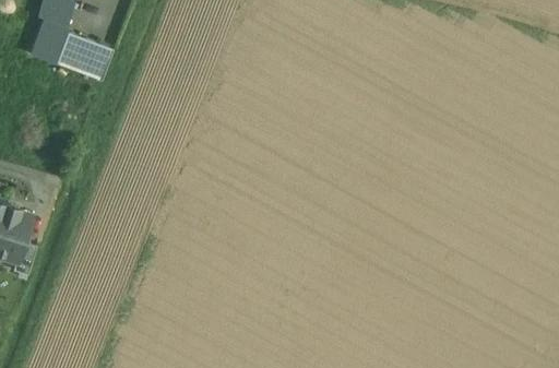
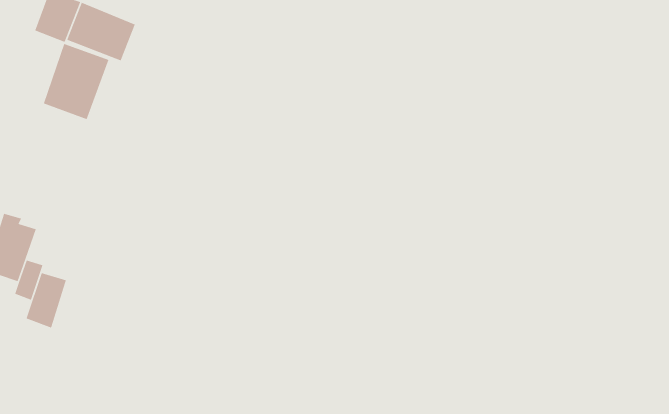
building: none -> [43,42,109,120]
building: none -> [26,272,67,329]

